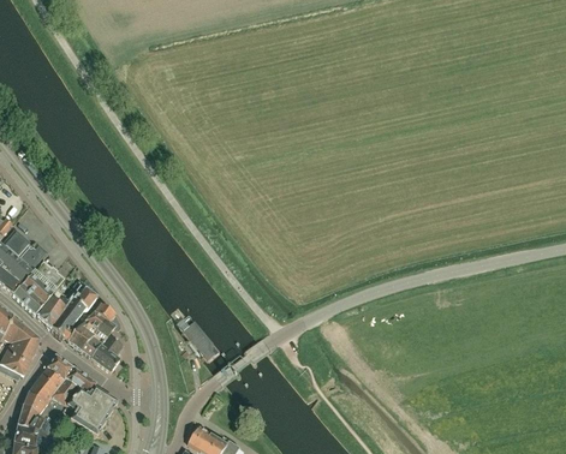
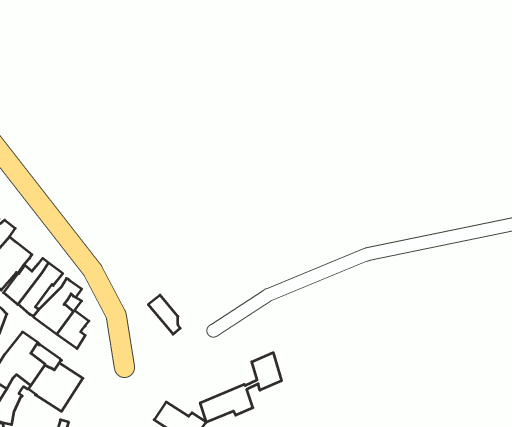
building: none -> [200,353,281,422]

